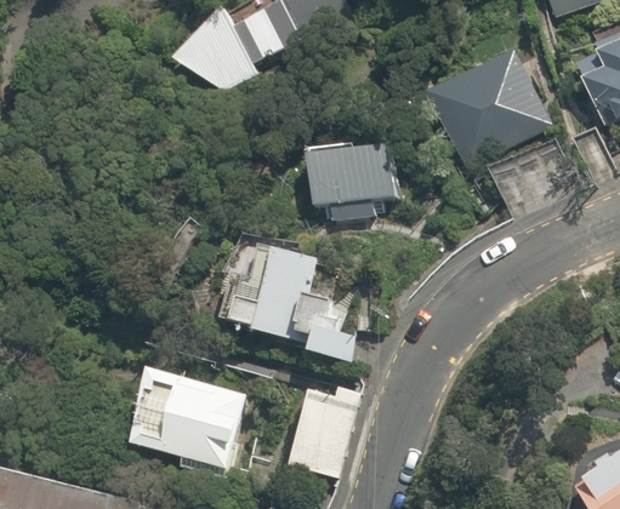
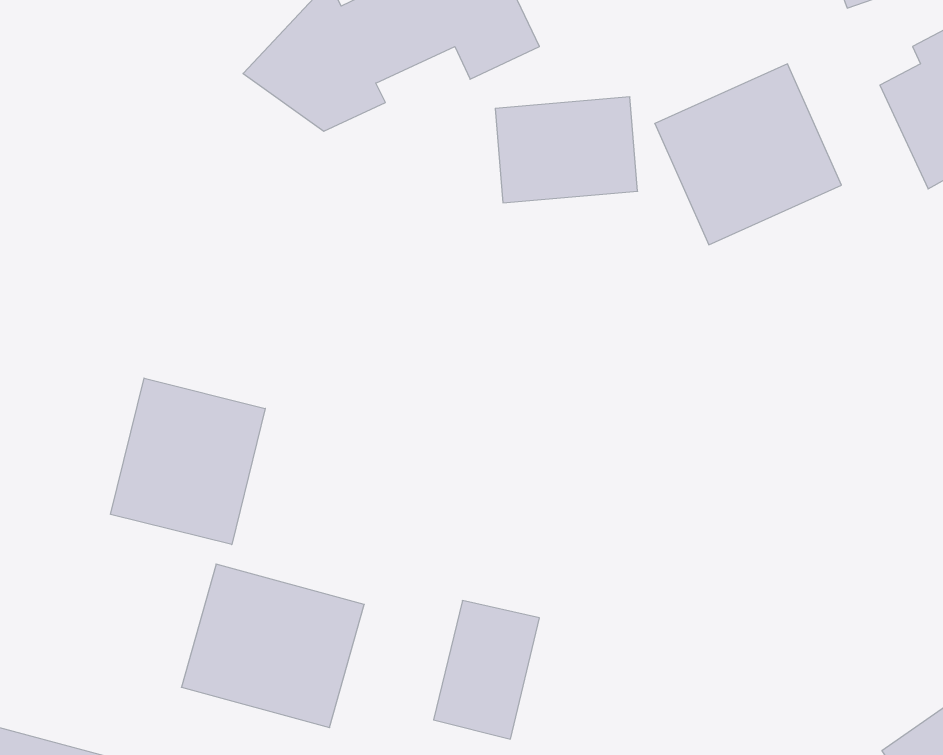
building: [308,142,398,208] -> [495,97,638,203]
building: [221,239,355,362] -> none
building: none -> [111,378,265,545]

